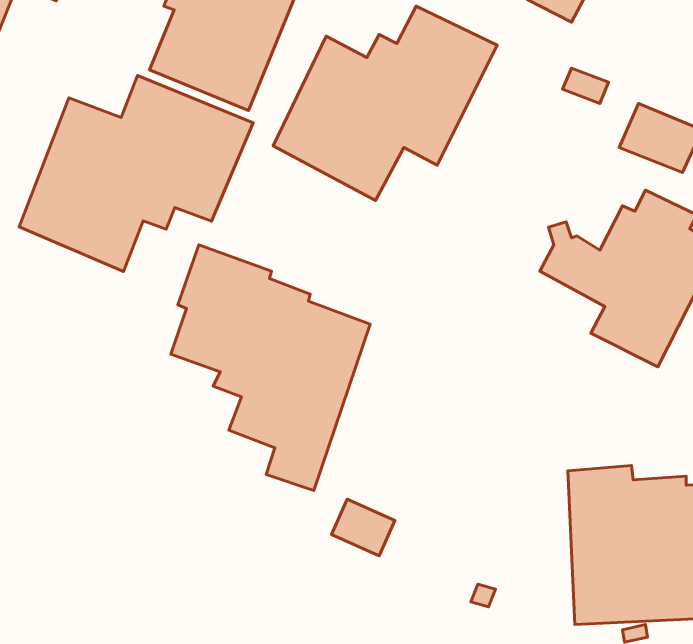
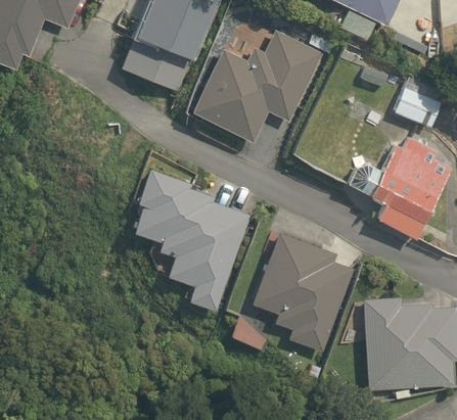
building: [19,75,253,271] -> none
building: none -> [253,231,355,352]

